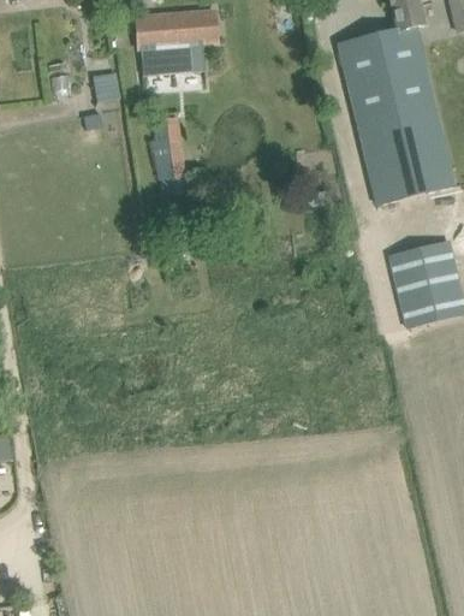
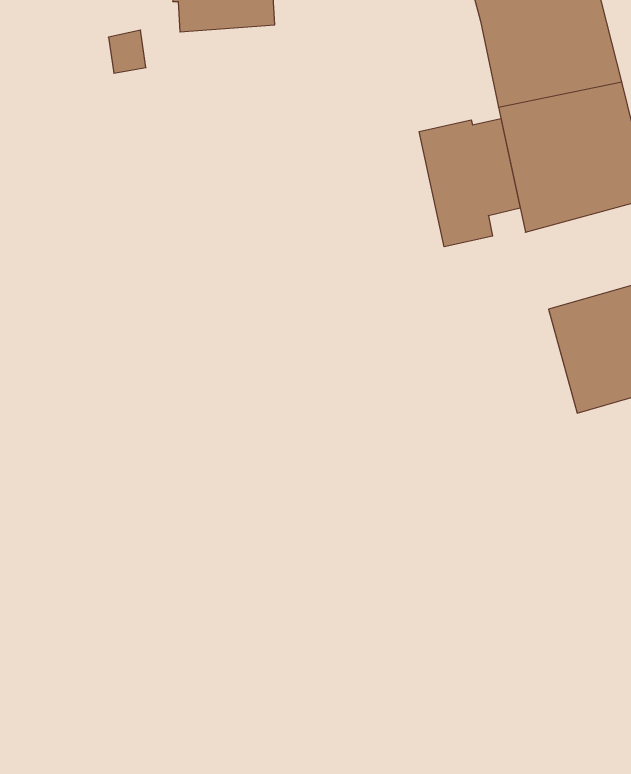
building: [150,116,186,179] -> none
building: none -> [419,118,520,247]

